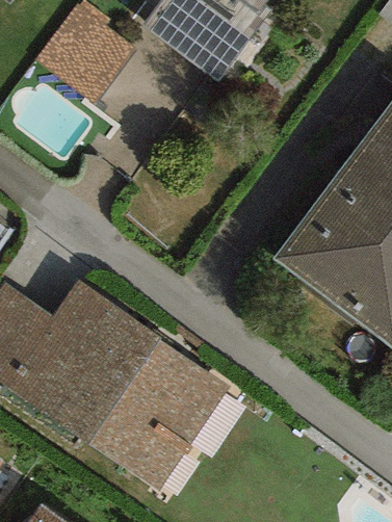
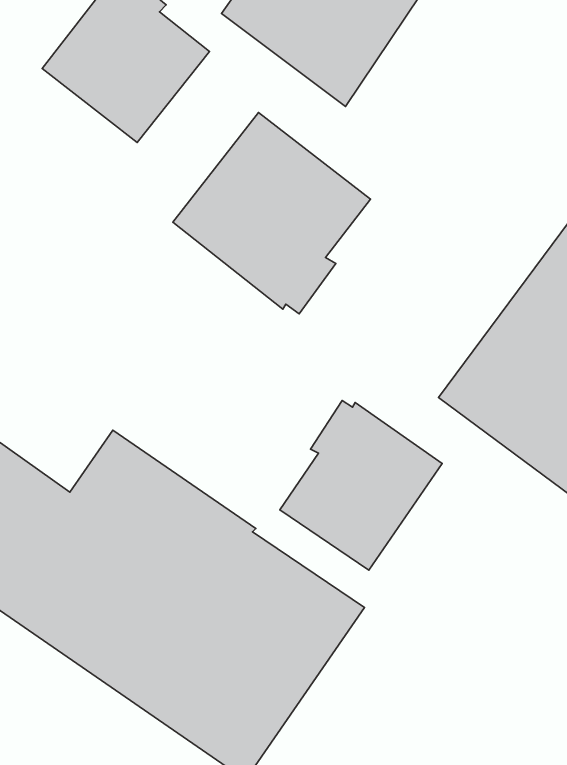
building: none -> [173,113,371,314]
building: none -> [280,400,442,570]

